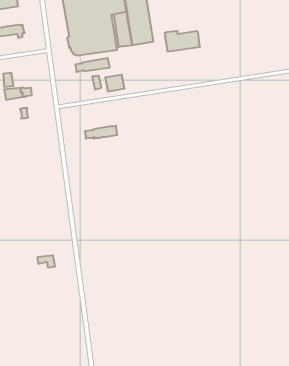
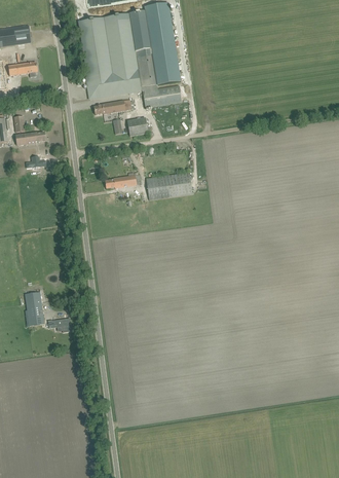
building: [165,31,200,51] -> [143,84,182,107]
building: none -> [146,171,194,199]
building: none -> [25,291,45,325]

